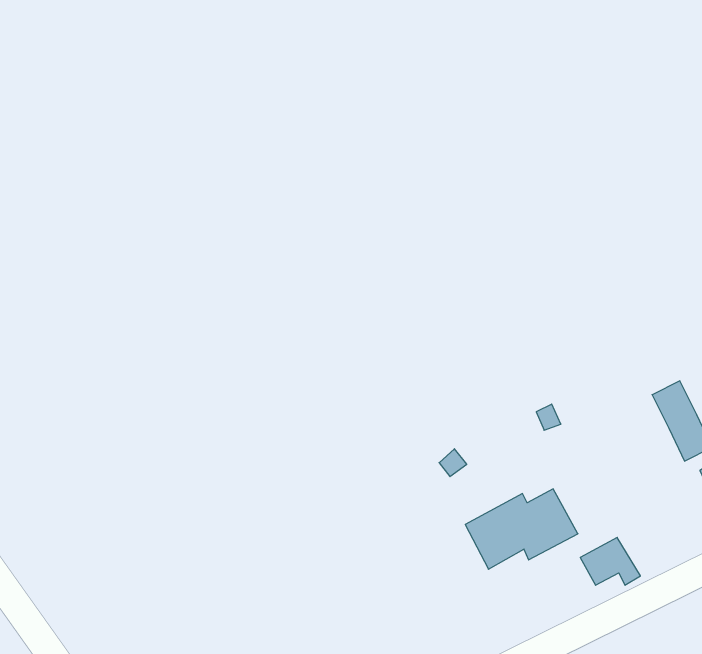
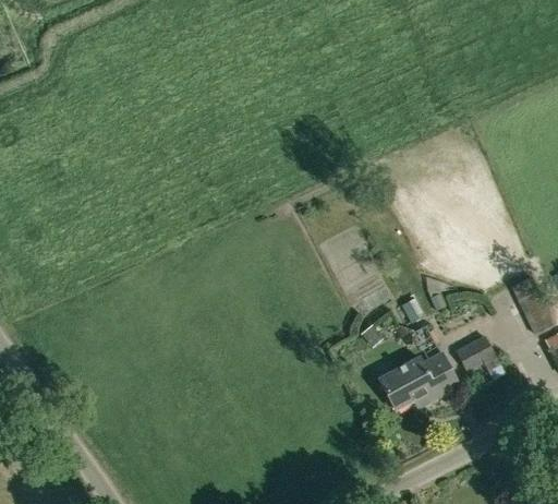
building: [580,537,640,585] -> [458,336,500,370]

